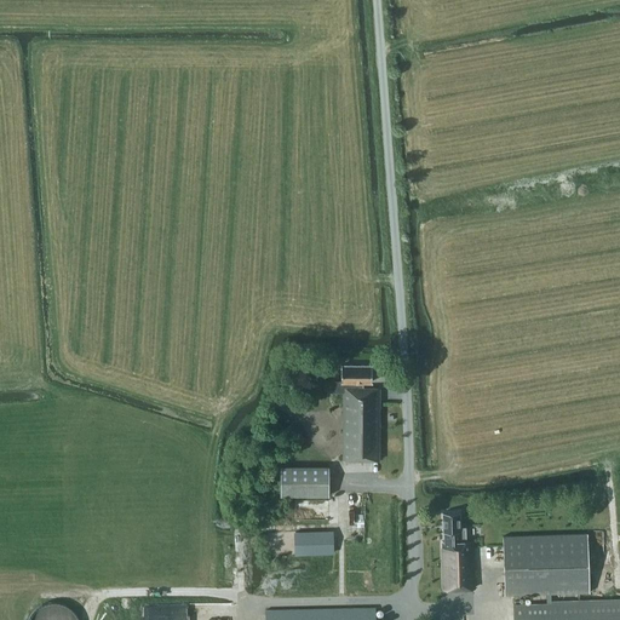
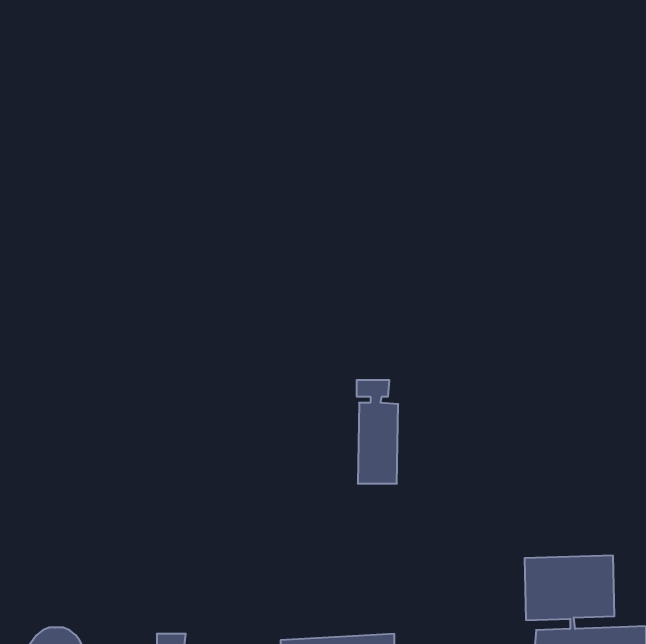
building: [279,470,328,500] -> none
building: [436,517,472,579] -> none
building: [294,532,331,553] -> none

